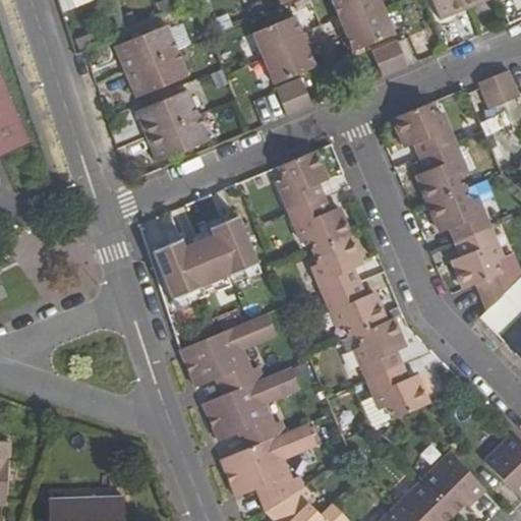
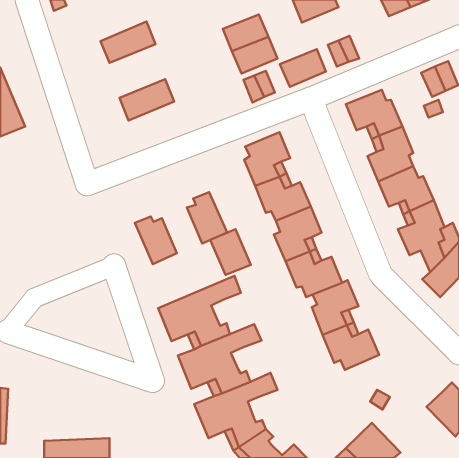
building: [342,8,394,51] -> [280,49,326,87]
building: [124,50,187,97] -> none
building: [146,115,208,162] -> none
building: [183,235,229,287] -> [210,229,251,275]
building: [421,452,482,513] -> none

